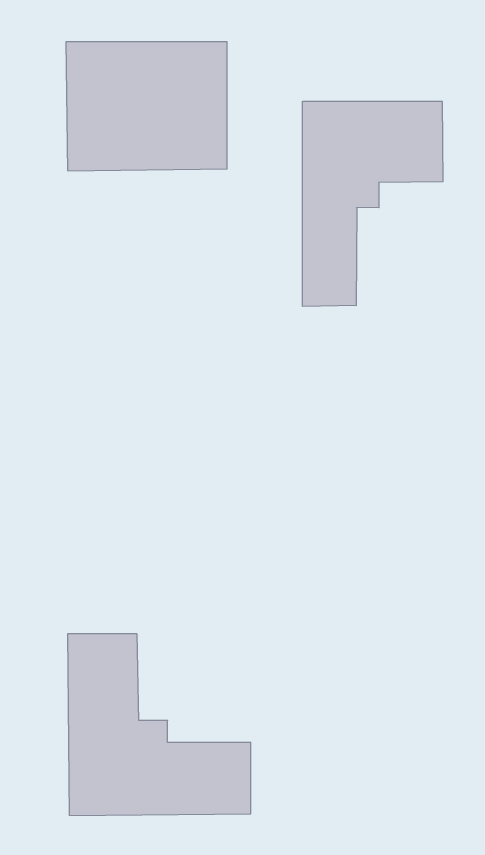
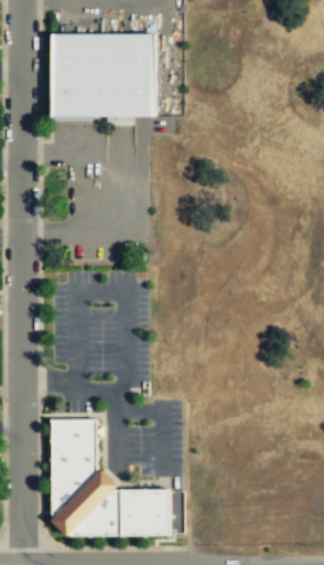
building: [303,101,443,306] -> none

